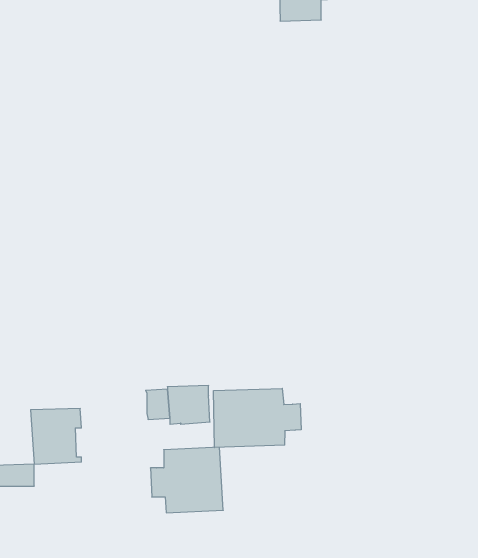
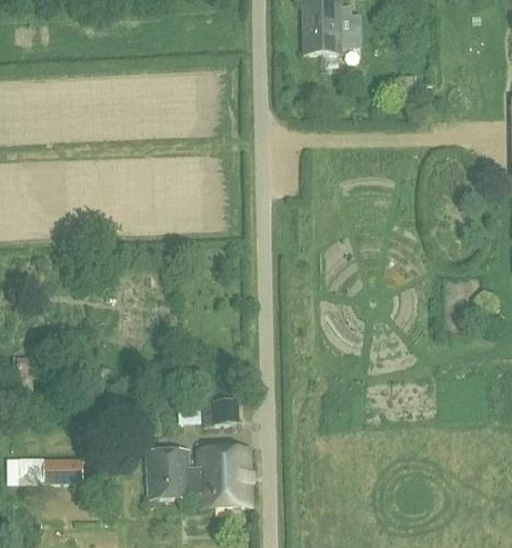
building: [214,388,301,448] -> none
building: [31,409,81,464] -> [144,446,191,497]

